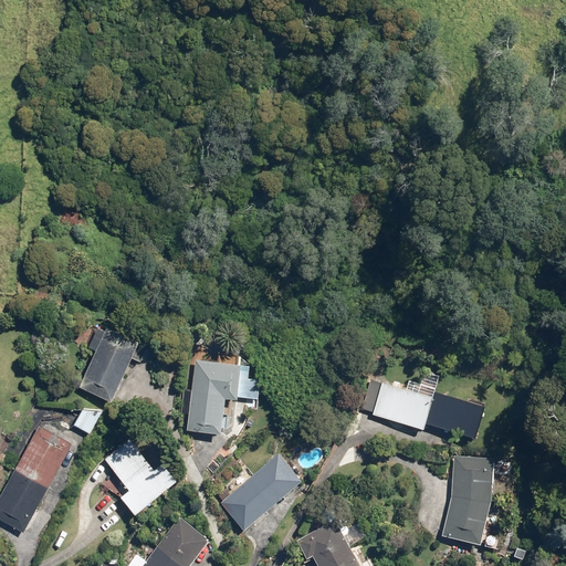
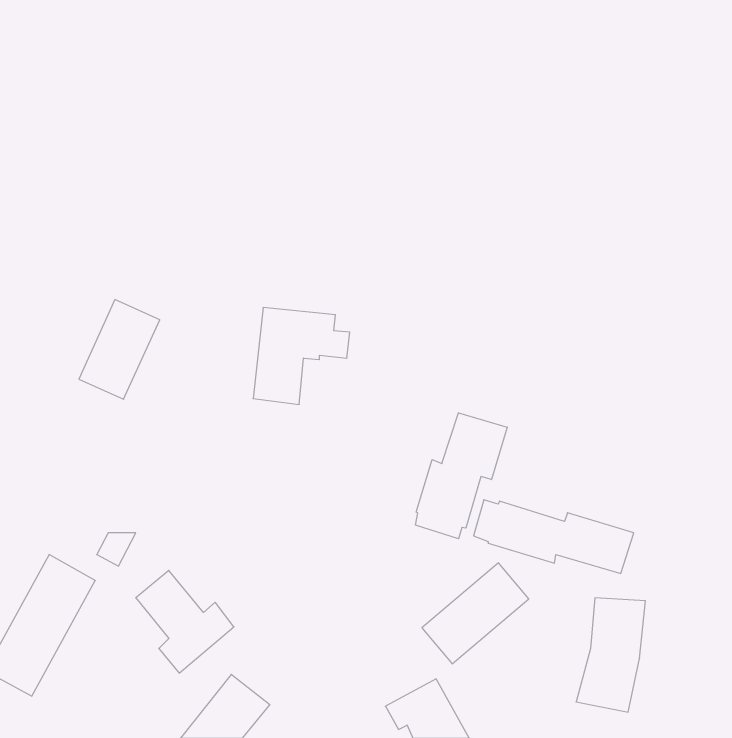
building: none -> [416,413,507,539]
building: [81,325,143,401] -> [79,300,160,399]
building: [184,360,258,434] -> [253,308,350,404]
building: [219,453,301,531] -> [422,563,529,664]

